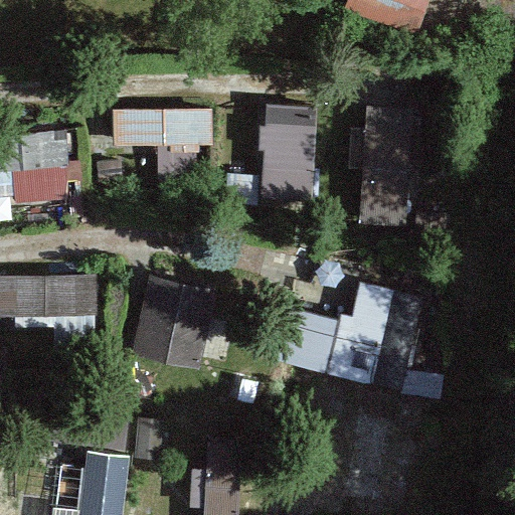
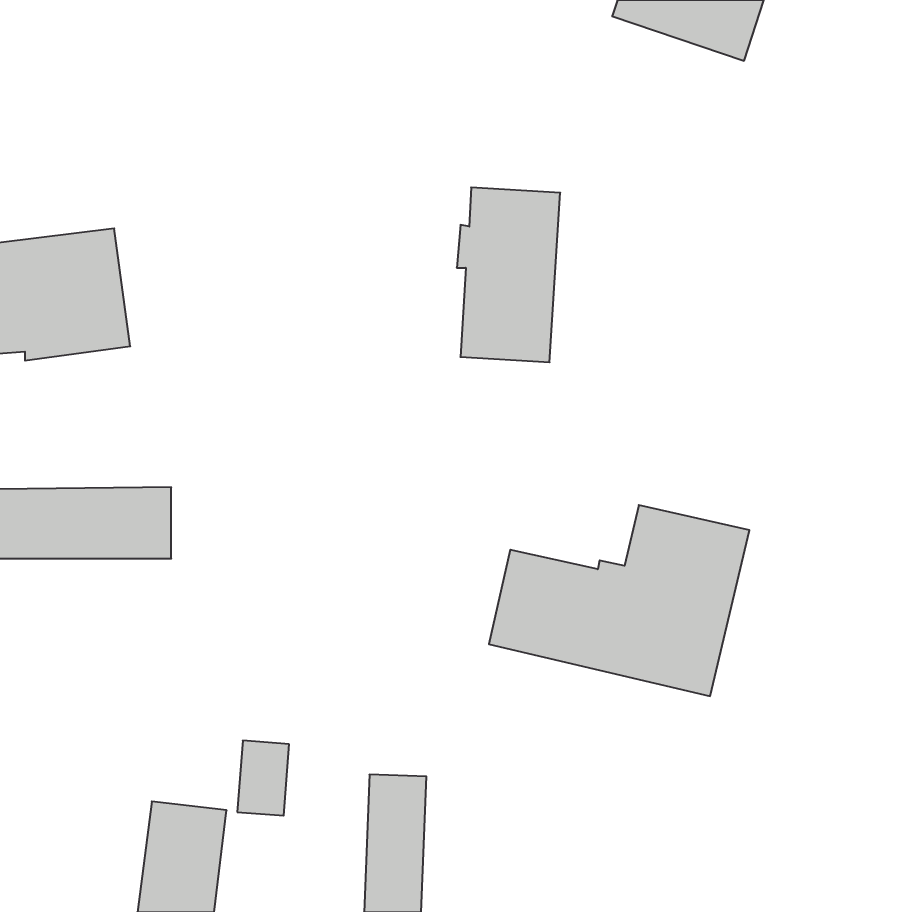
building: [111,108,212,177] -> none
building: [356,108,423,227] -> none
building: [131,276,215,371] -> none

